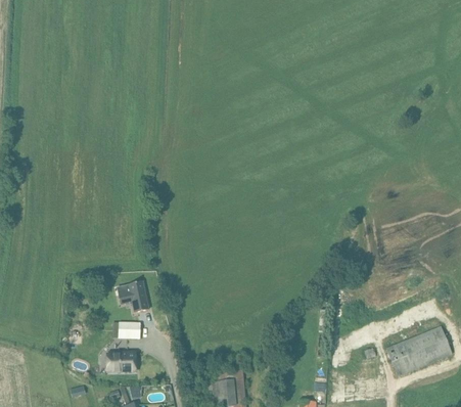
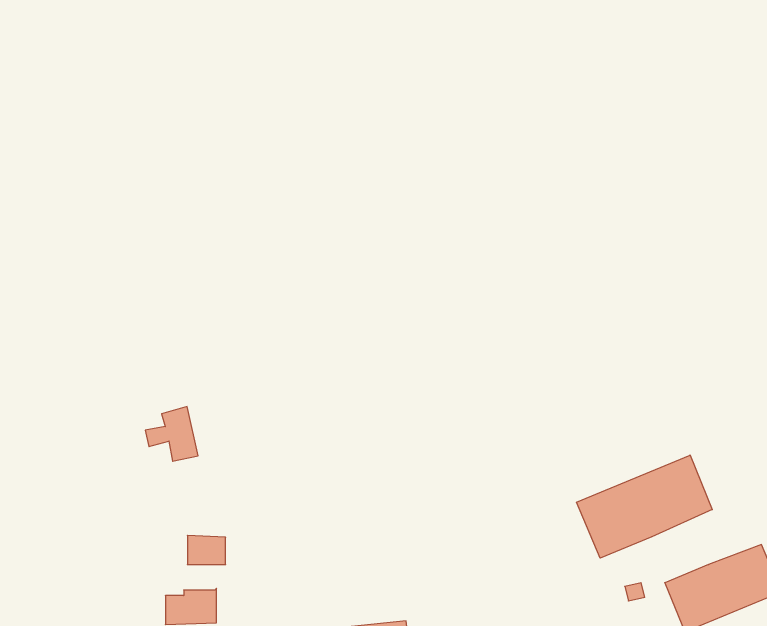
building: none -> [577,455,712,558]
building: [119,282,148,313] -> [145,407,198,461]

